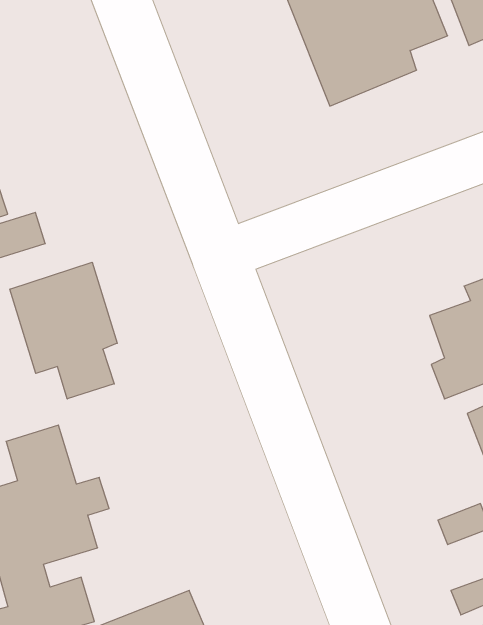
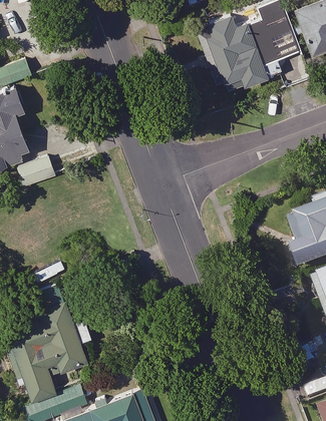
building: [10,262,117,399] -> none

